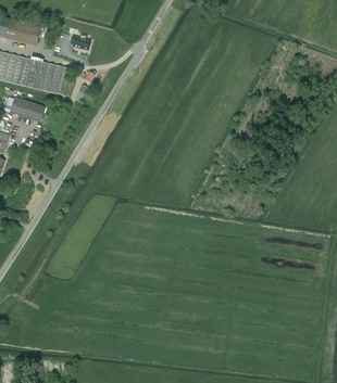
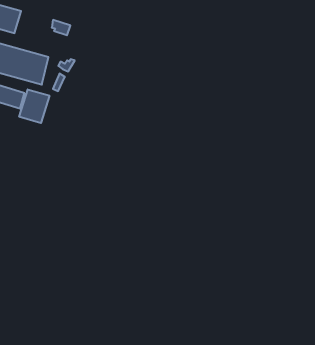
building: none -> [19,89,49,123]

